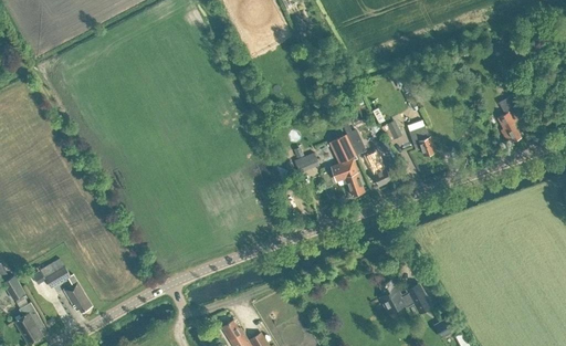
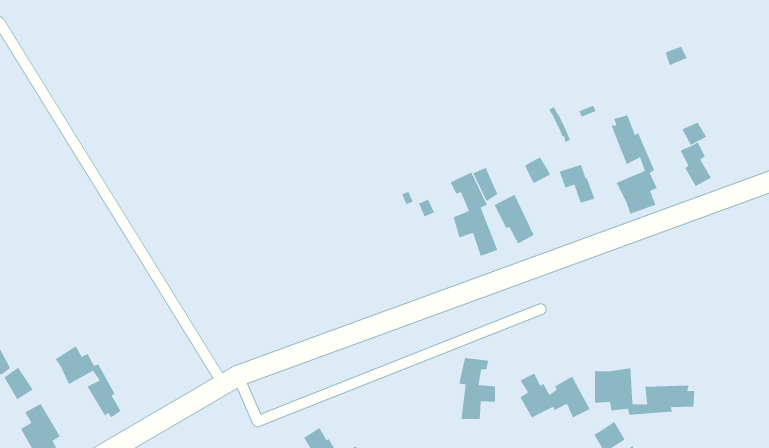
building: none -> [611,114,657,215]
building: none -> [459,357,496,420]
building: none -> [594,367,695,415]

